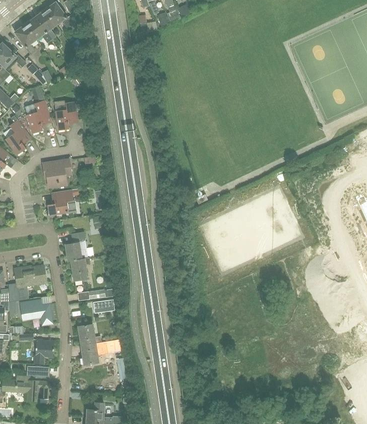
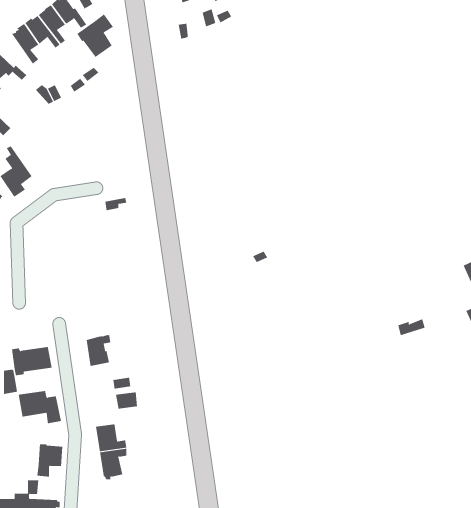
building: none -> [77,14,114,58]
building: [27,86,52,133] -> none
building: [56,101,79,130] -> none
building: [44,159,72,186] -> none
building: [48,188,79,215] -> none
building: [65,231,88,261] -> none

